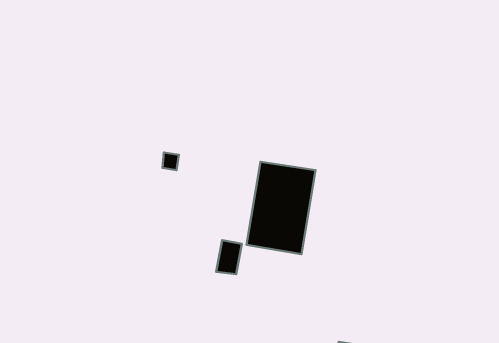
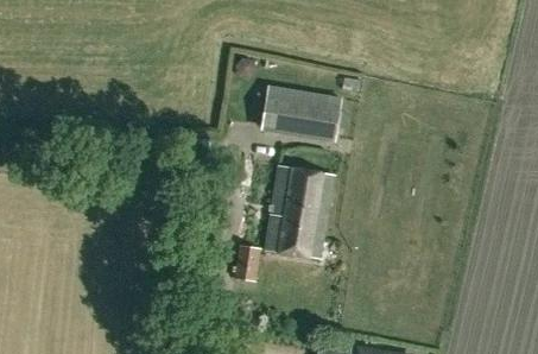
building: none -> [261,87,342,137]

